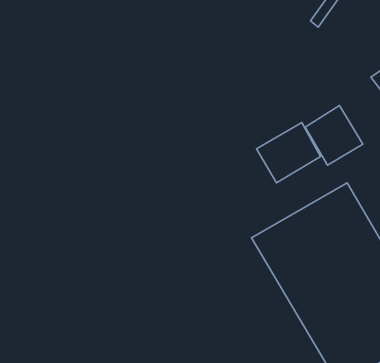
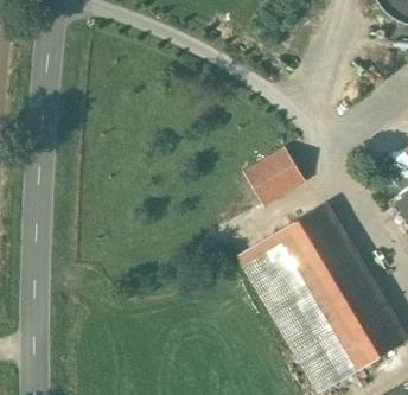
building: [305,105,363,165] -> none

